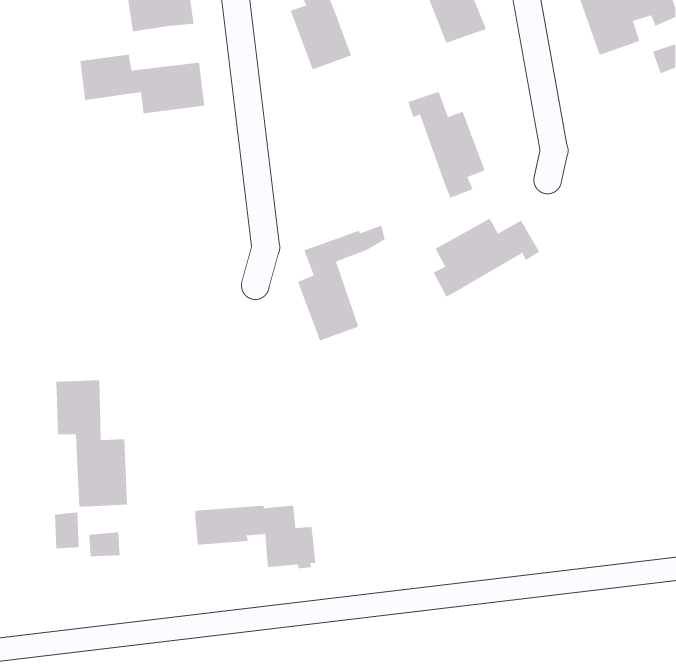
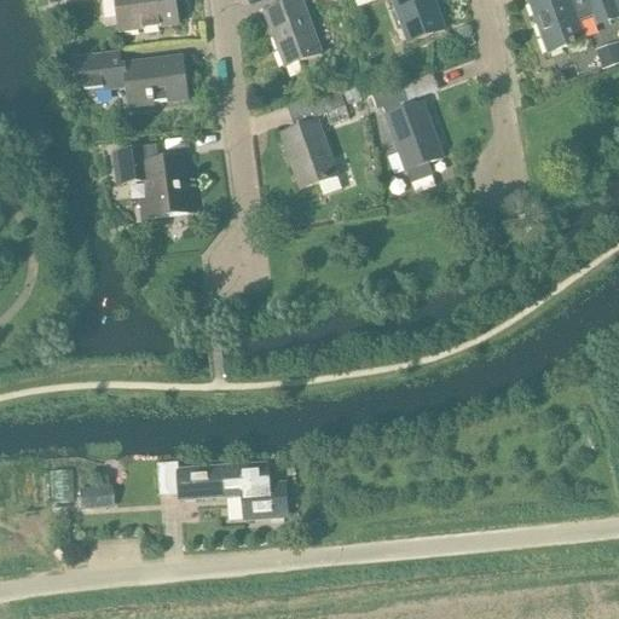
building: none -> [112,145,202,213]
building: [433,218,540,297] -> none
building: [297,225,386,341] -> [280,81,361,187]
building: [56,380,127,507] -> none

